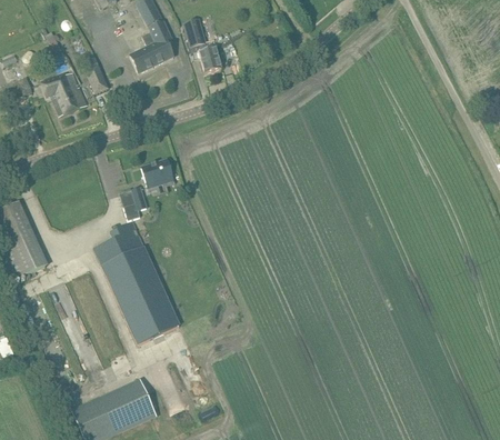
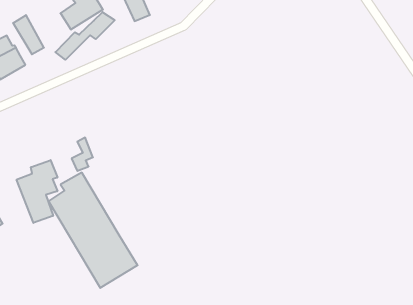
building: none -> [55,12,115,60]
building: [141,158,172,188] -> none
building: none -> [17,160,57,223]

